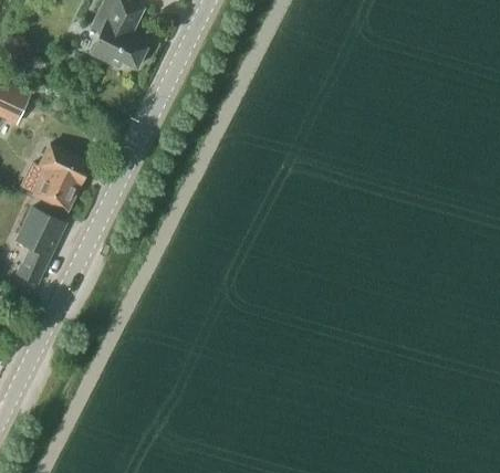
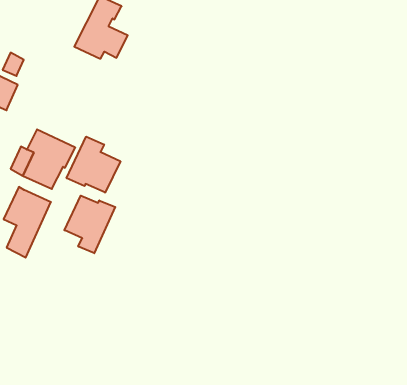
building: none -> [67,137,120,193]
building: none -> [64,196,115,253]

